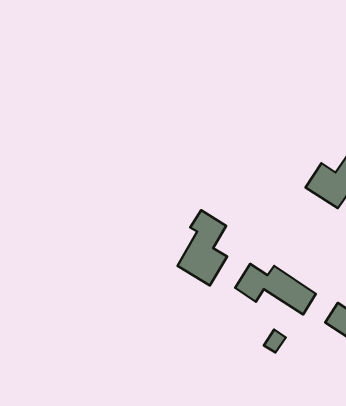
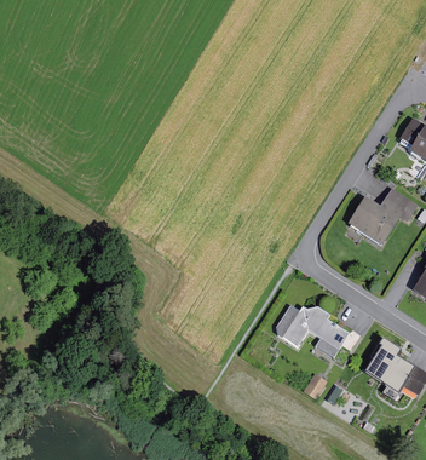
building: [178,210,227,286] -> none

